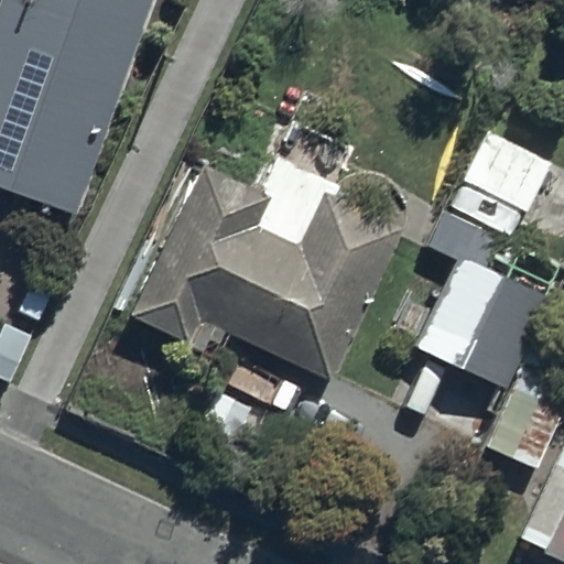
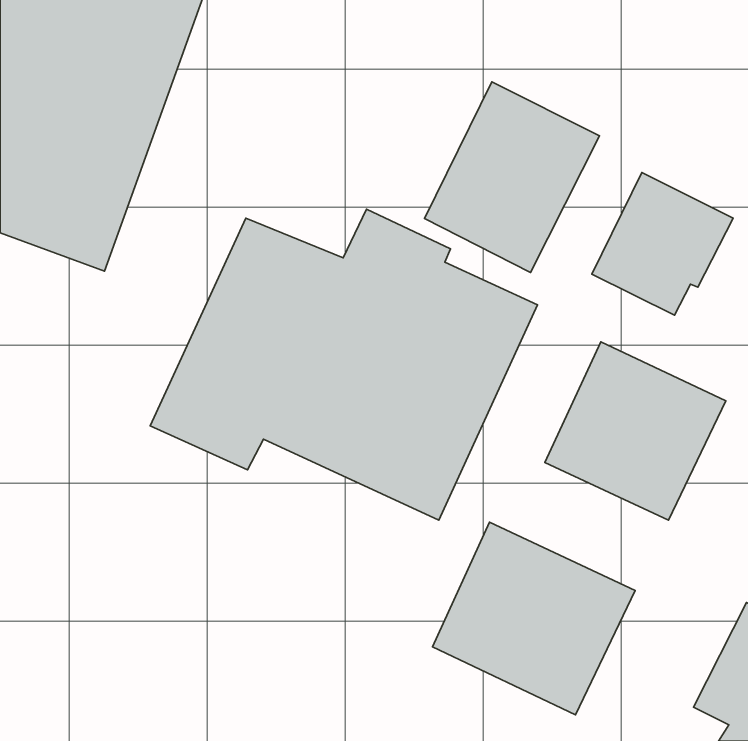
building: none -> [425,82,599,272]
building: none -> [432,522,635,715]

